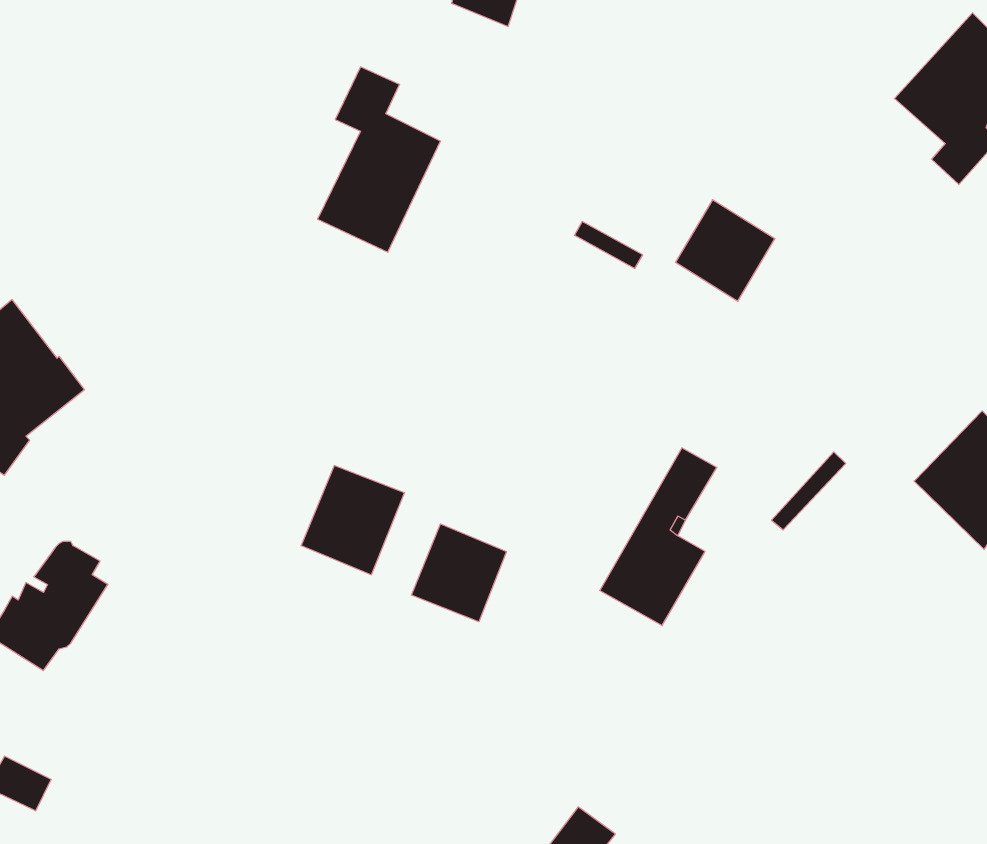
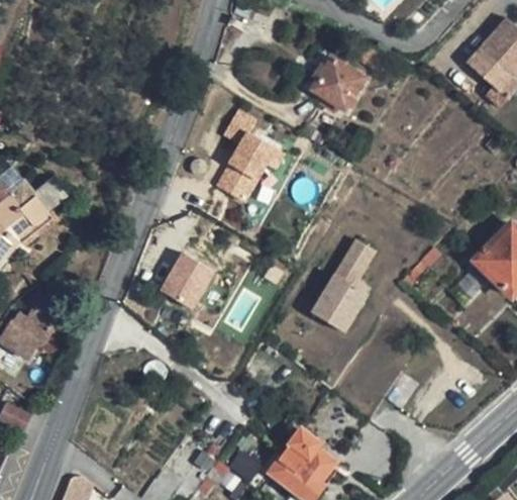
building: [318,67,441,252] -> [214,107,278,203]
building: [675,200,775,301] -> [314,57,366,109]
building: [412,524,507,622] -> none

